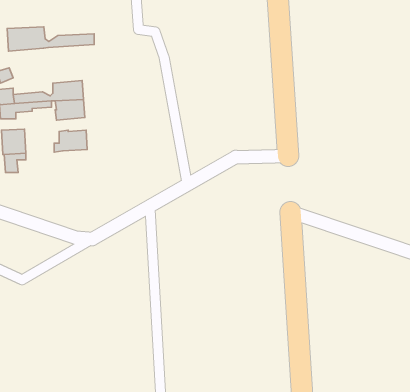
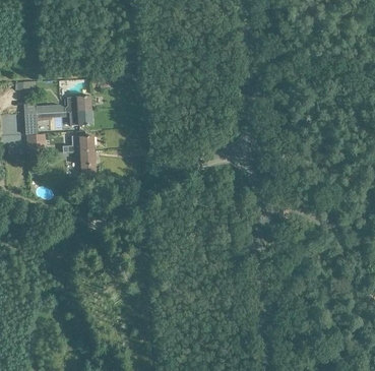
building: [7,27,94,51] -> none
building: none -> [75,148,97,172]

